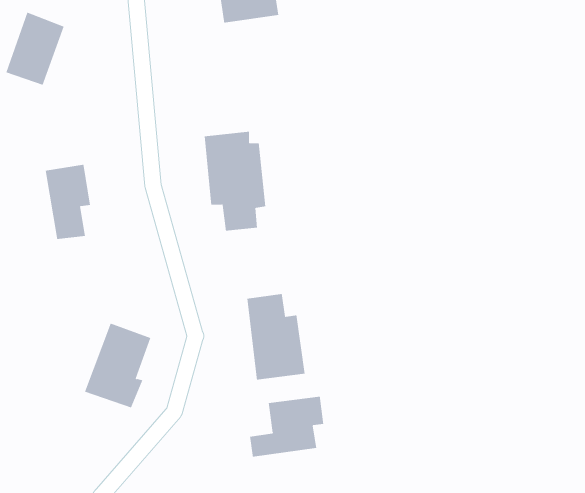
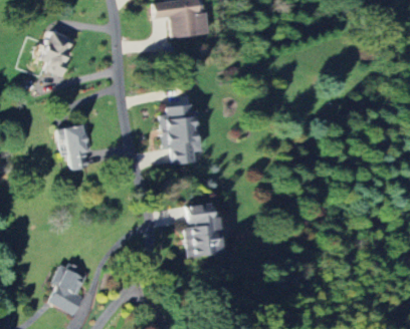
building: [84,323,151,408] -> [47,262,88,314]
building: [249,396,324,457] -> none

